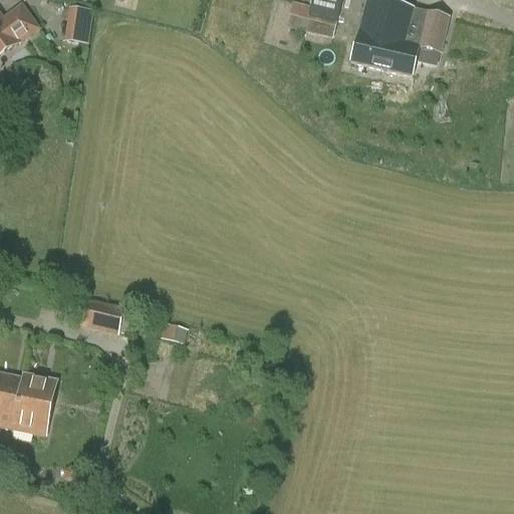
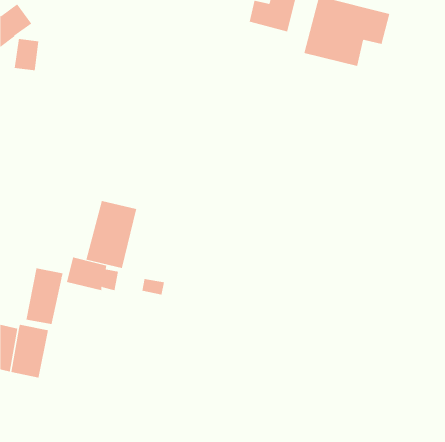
building: [63,5,92,42] -> [14,39,39,71]
building: none -> [86,200,137,269]
building: none -> [26,268,63,325]

